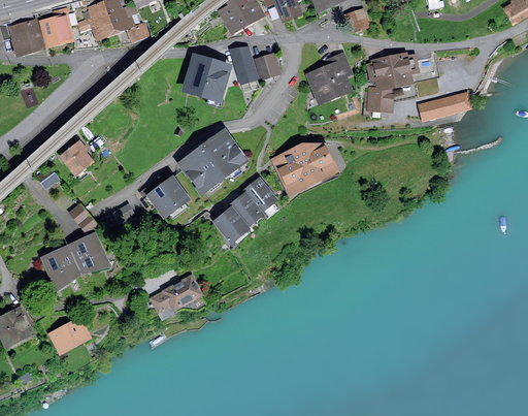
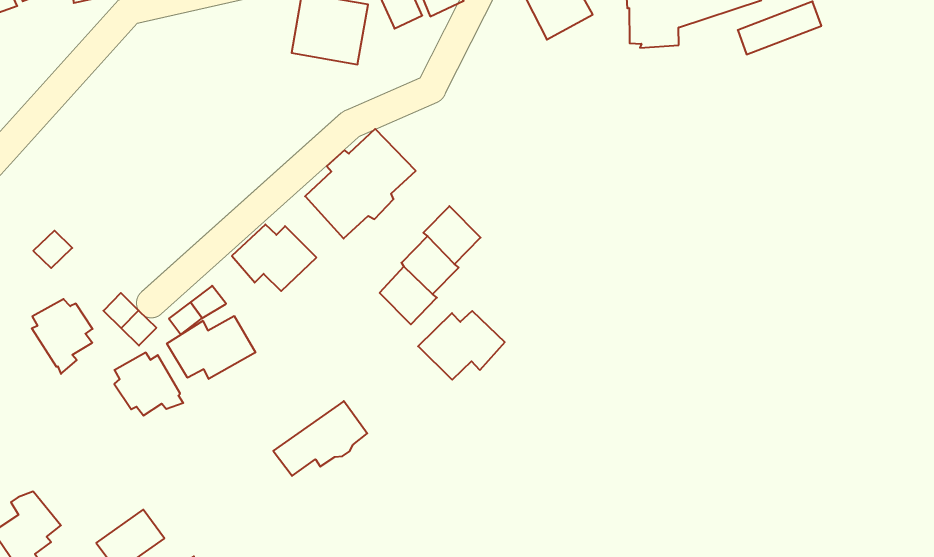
building: [63,142,89,171] -> none
building: [277,148,333,190] -> none
building: none -> [167,316,255,379]
building: none -> [418,311,505,380]
building: [46,249,78,288] -> [32,299,93,374]

